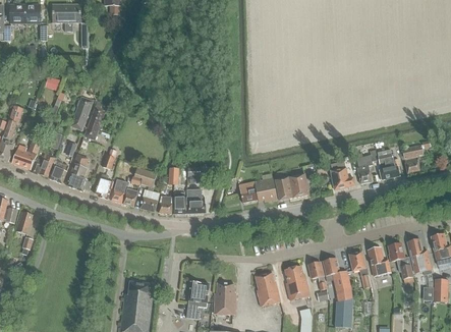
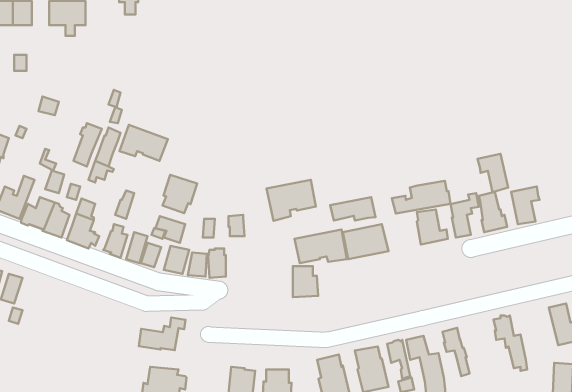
building: none -> [119,125,168,161]
building: none -> [477,154,508,192]
building: none -> [163,175,197,213]
building: none -> [266,180,316,221]
building: none -> [392,181,451,214]
building: none -> [330,197,375,221]
building: [186,189,206,213] -> [293,266,318,297]
building: [407,238,432,272] -> none
building: none -> [139,318,185,350]
building: [369,247,391,276] -> none

